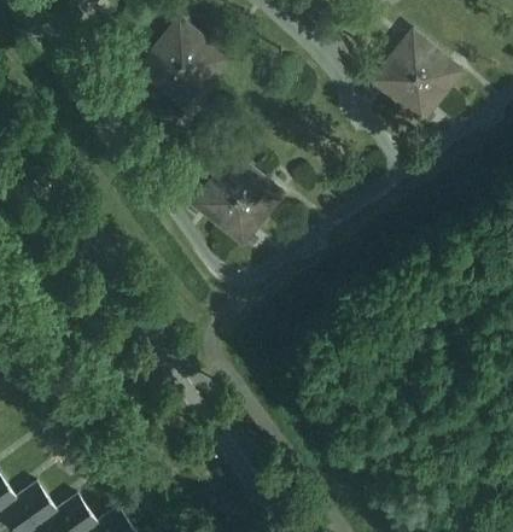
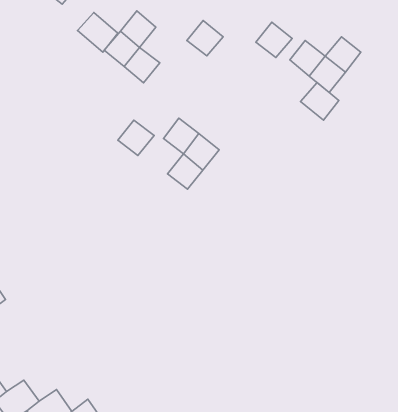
building: none -> [77,13,118,52]
building: [391,30,437,75] -> [256,22,292,58]
building: [182,39,228,83] -> [187,20,223,56]
building: none -> [301,83,339,120]
building: [192,179,238,223] -> [118,120,154,156]

